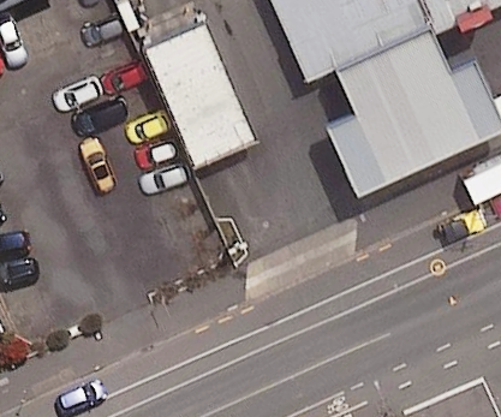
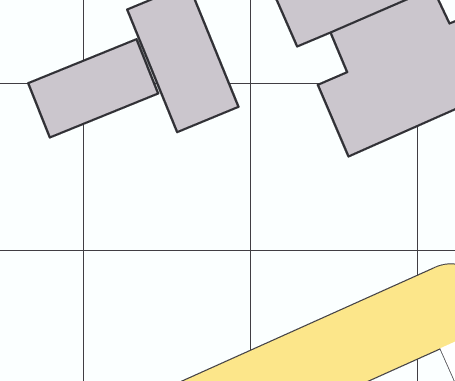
building: none -> [28,39,158,138]

